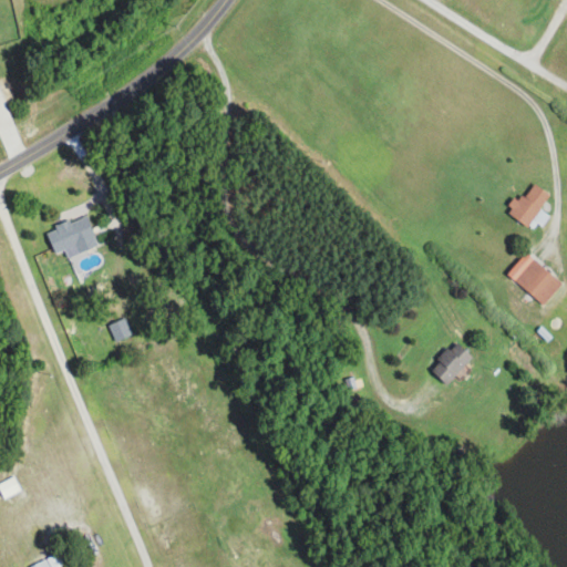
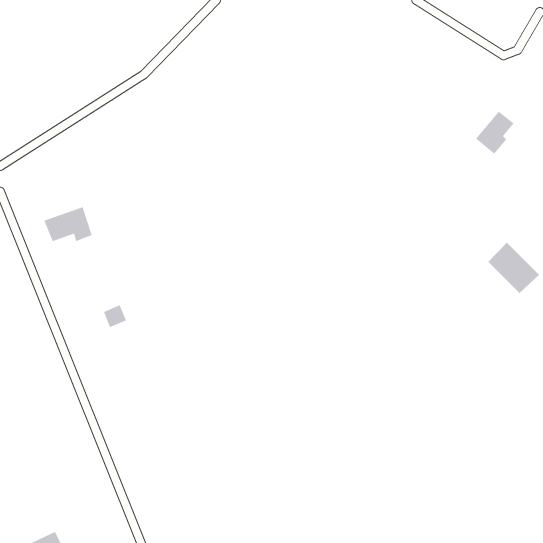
building: [508,183,549,228] -> [475,111,515,154]
building: [431,341,474,385] -> none

